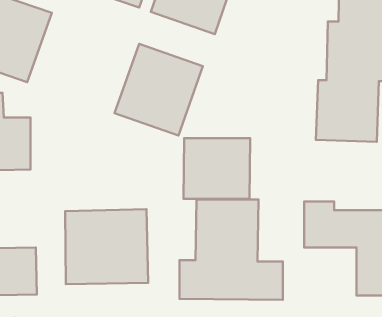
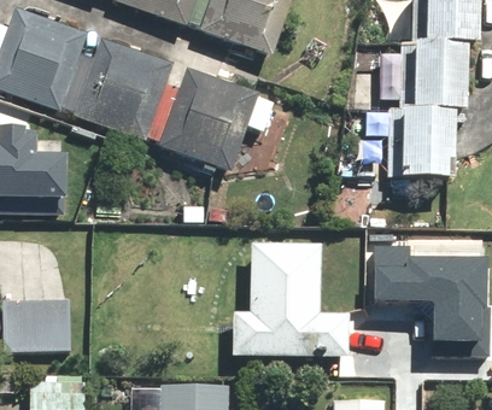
building: none -> [72,36,172,140]
building: [184,138,250,199] -> none
building: [65,209,148,284] -> none

